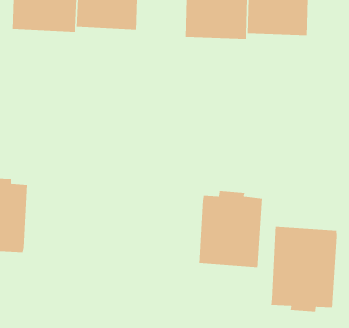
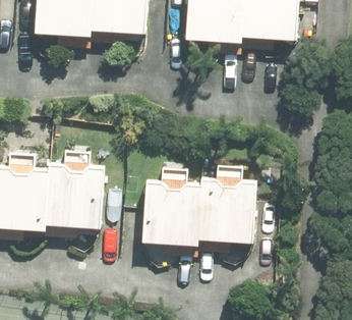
building: none -> [45,160,104,228]
building: none -> [141,178,202,246]
building: [270,226,338,313] -> none

